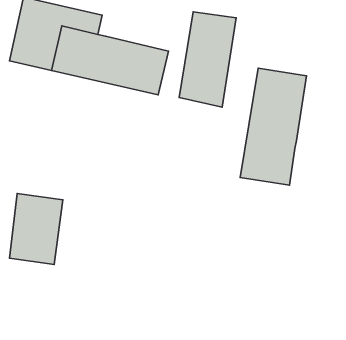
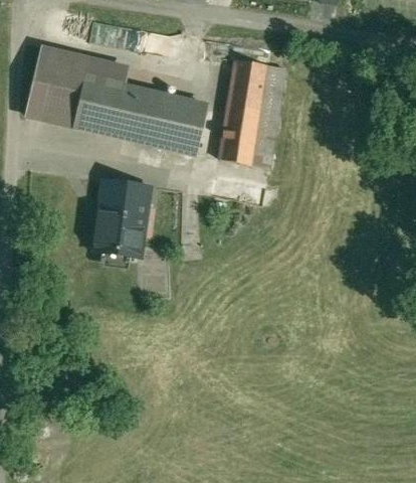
building: [240,68,307,185] -> none
building: [9,194,63,264] -> [90,178,152,260]

